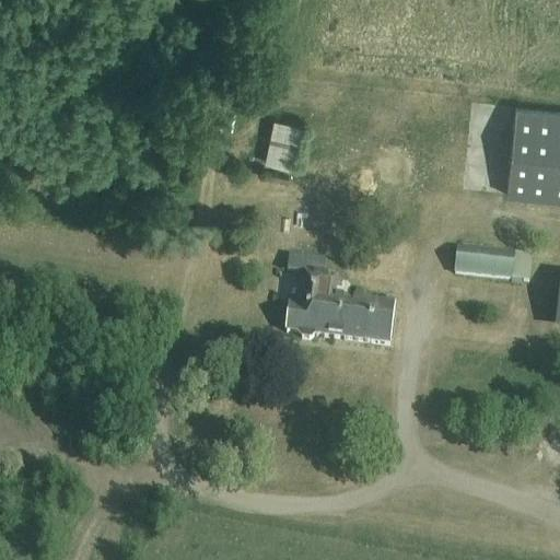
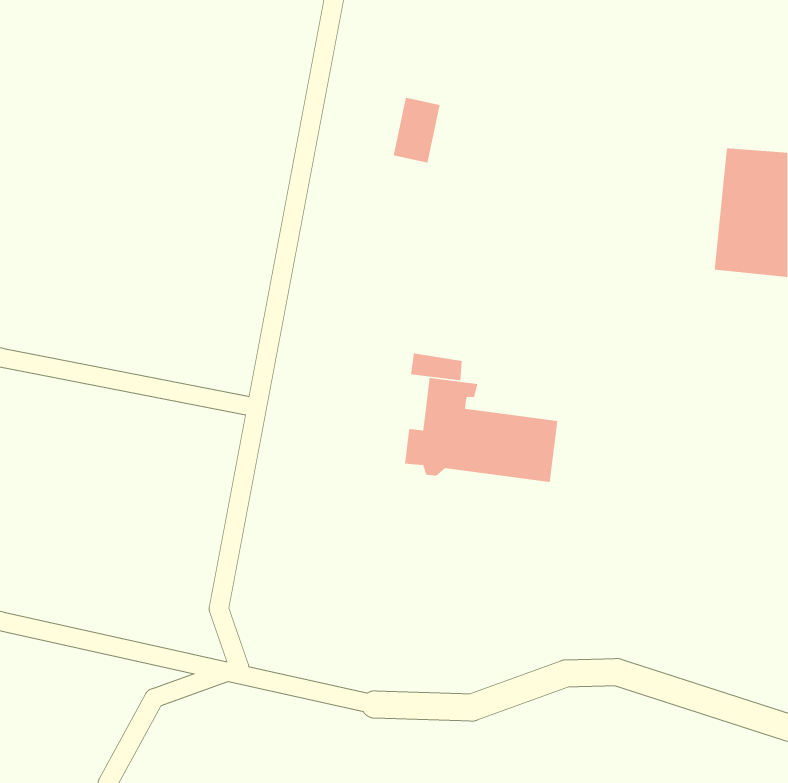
building: [265,117,299,164] -> [393,97,441,163]
building: [455,247,532,281] -> none

